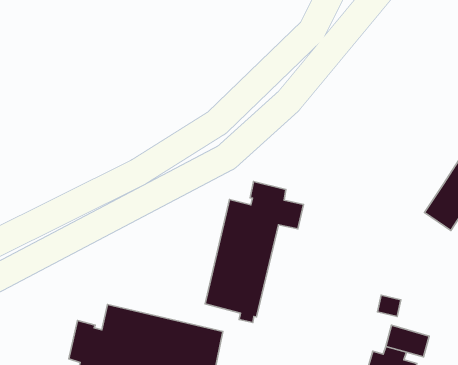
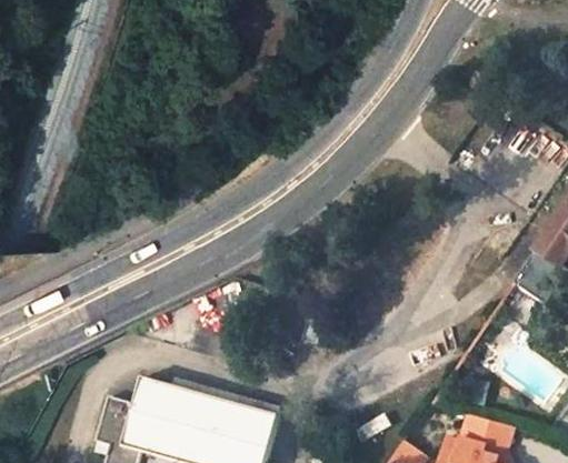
building: [205,181,304,323] -> none

